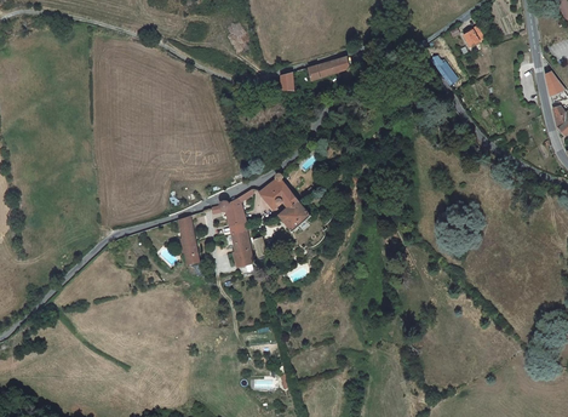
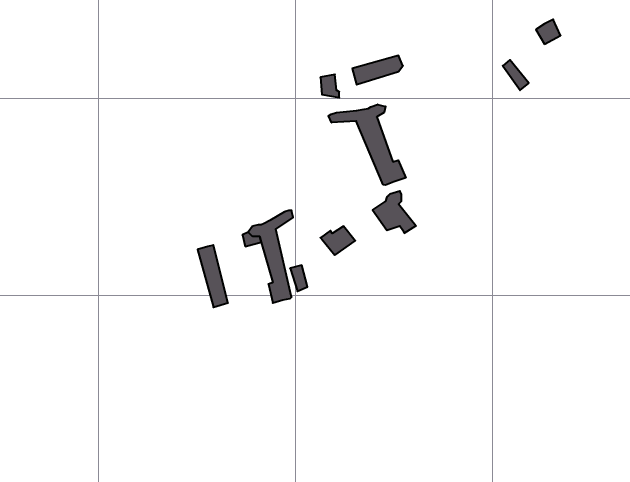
building: none -> [328,104,406,185]
building: [263,171,299,206] -> [373,191,416,233]

